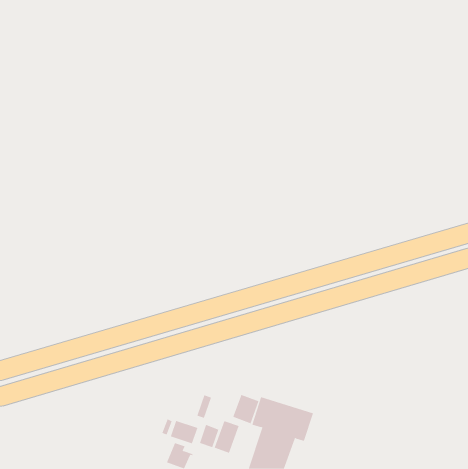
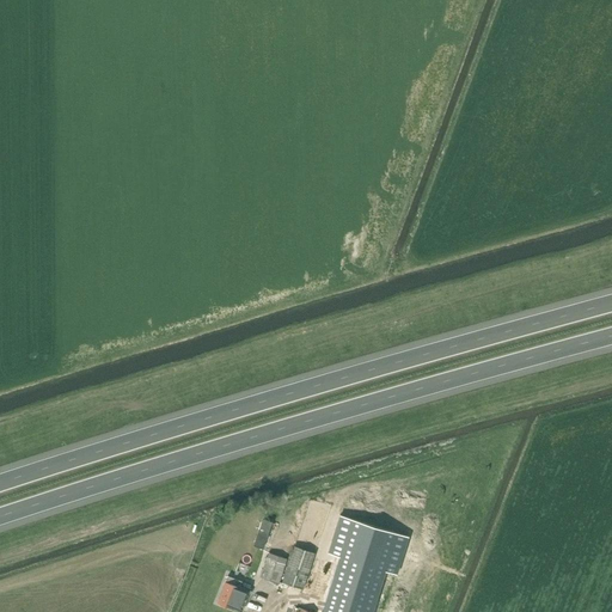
building: [233,394,259,424] -> none
building: [170,420,198,444] -> none

